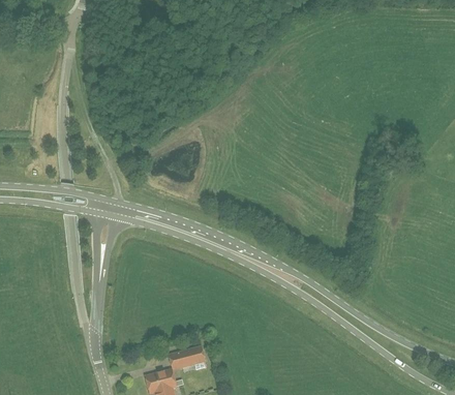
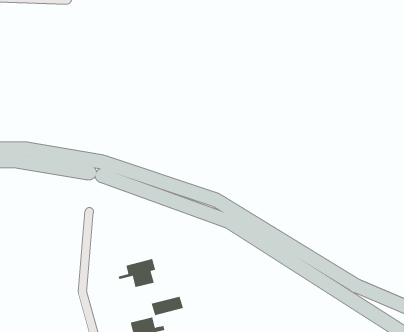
building: none -> [118,258,156,288]

